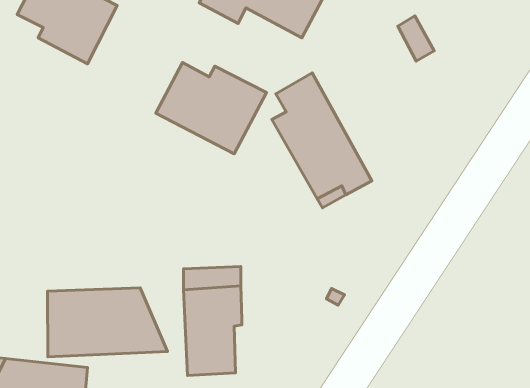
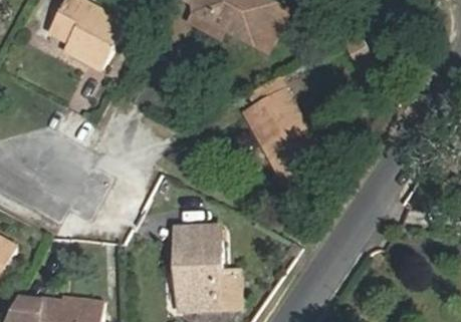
building: [156,63,266,154] -> none
building: [47,288,167,357] -> none
building: none -> [215,266,237,308]

